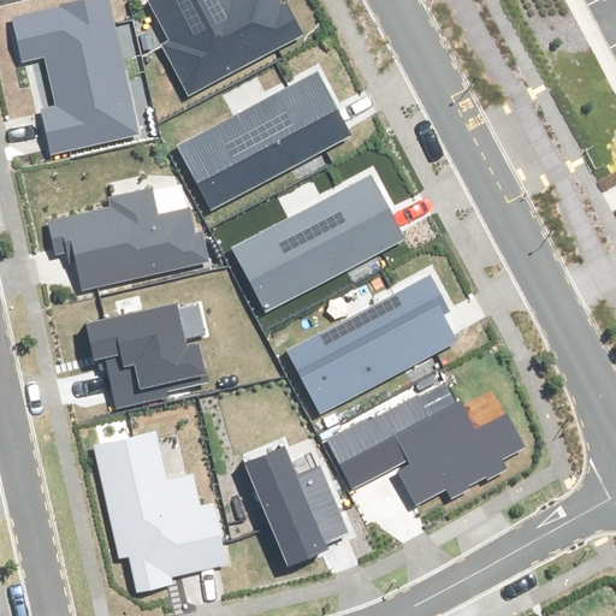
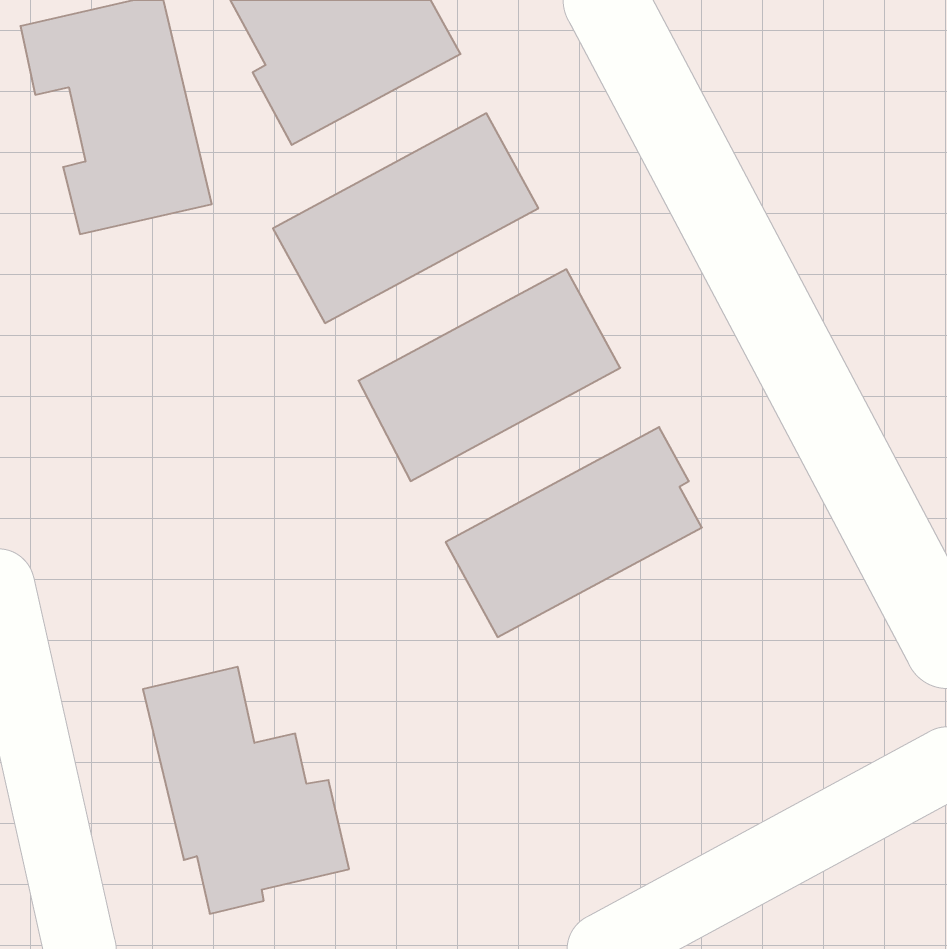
building: [48,188,208,289] -> none
building: [87,304,206,407] -> none
building: [326,379,523,505] -> none
building: [244,448,345,565] -> none

